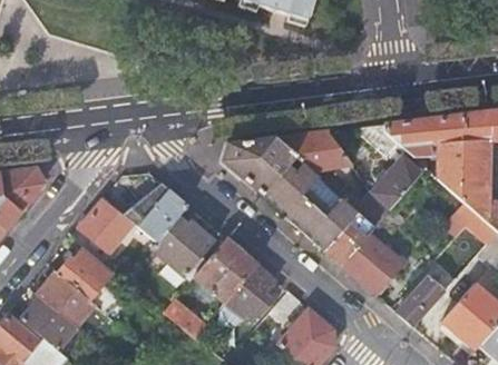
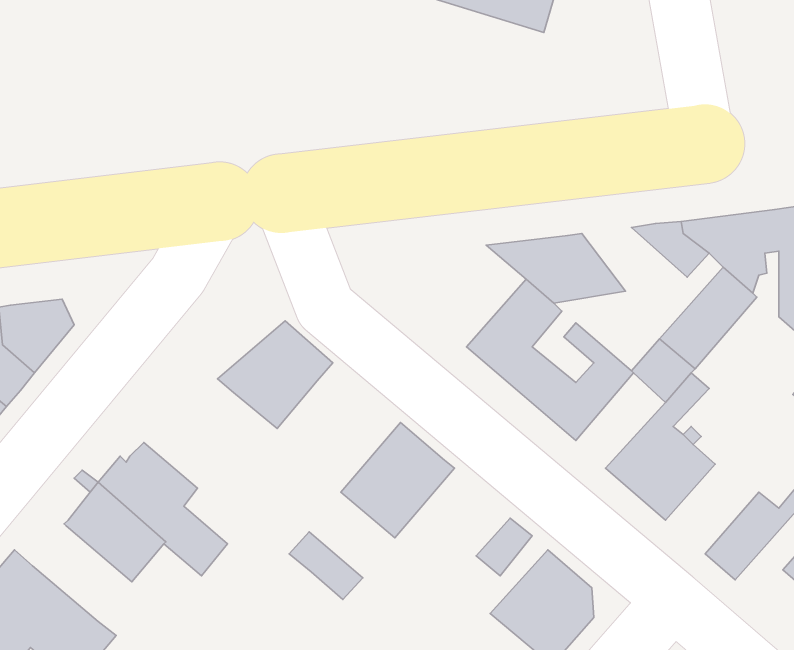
building: [222,138,296,195] -> none
building: [78,196,133,255] -> none
building: [324,209,374,263] -> none
building: [152,214,215,275] -> none
building: [223,263,275,320] -> none
building: [20,295,76,348] -> none

